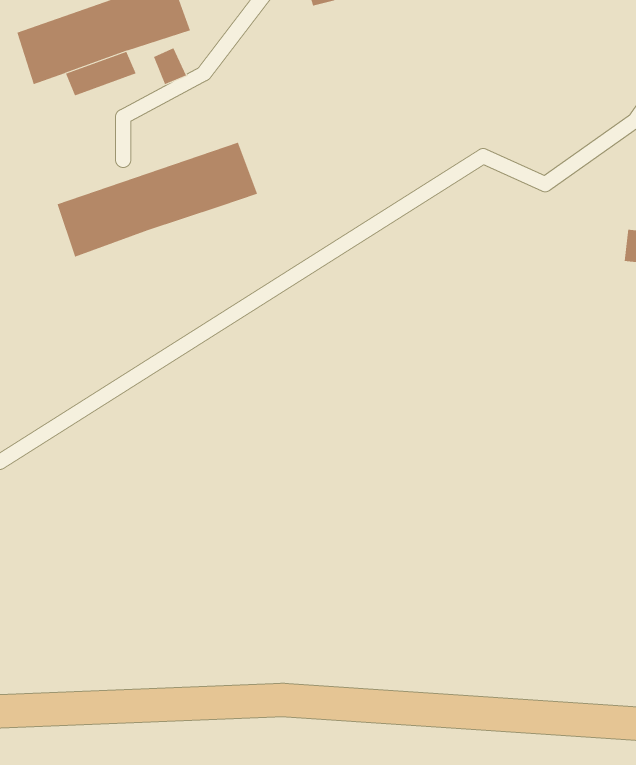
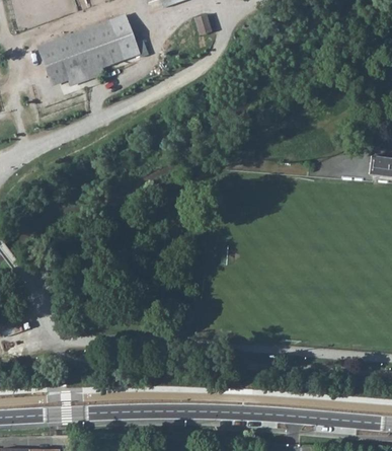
building: [57,142,258,257] -> none

